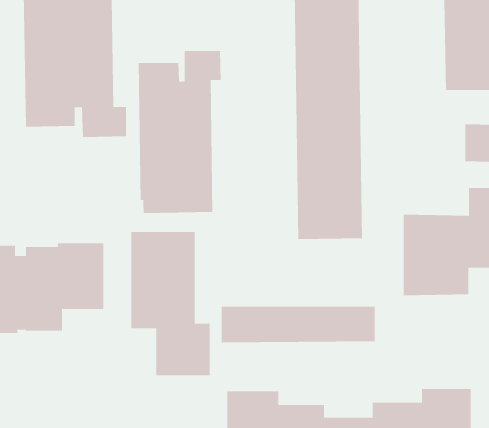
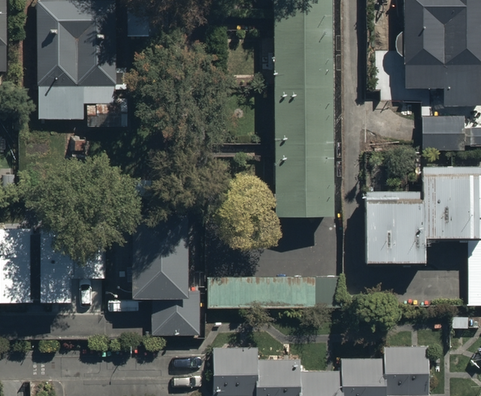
building: [138,50,221,214] -> none

